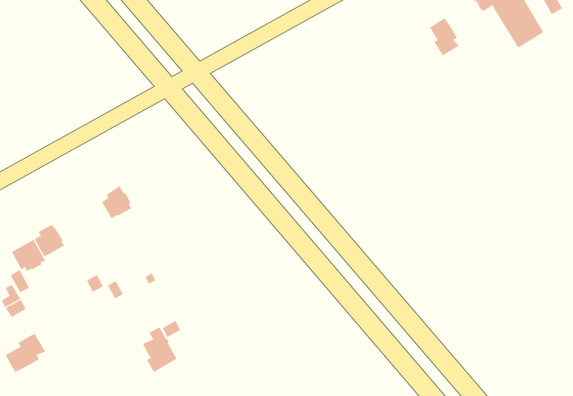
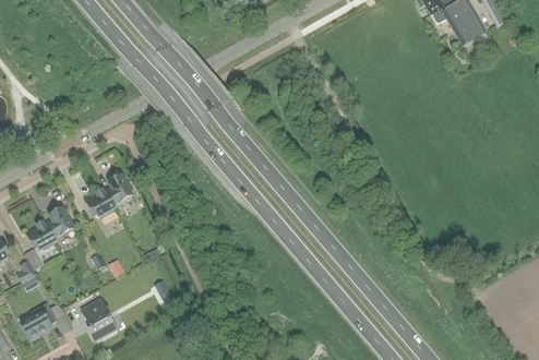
building: [429,17,459,56] -> none
building: none -> [84,187,119,223]
building: [142,327,177,373] -> [84,298,115,338]

